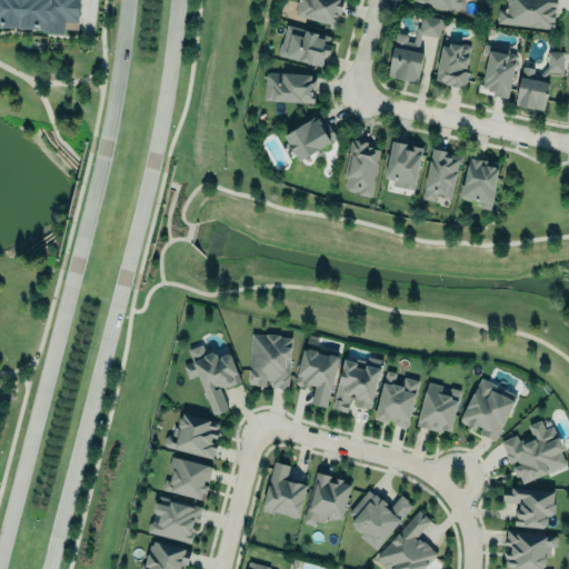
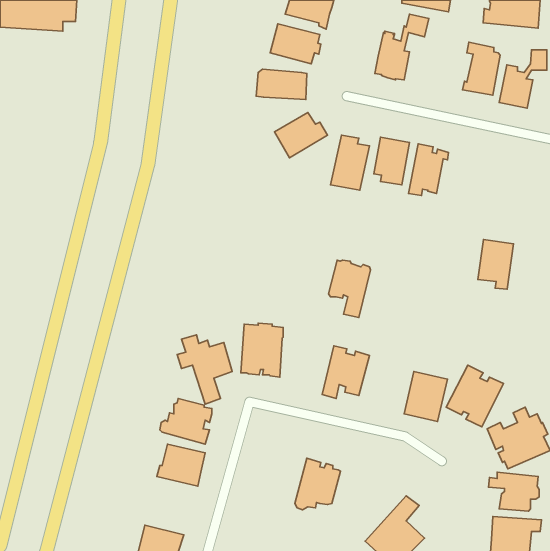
building: [437,43,472,88] -> none
building: [463,159,500,210] -> [478,240,514,289]
building: [297,347,340,406] -> [328,260,371,317]
building: [376,369,421,427] -> none
building: [263,462,308,519] -> none
building: [351,490,415,549] -> none
building: [149,497,204,542] -> none

